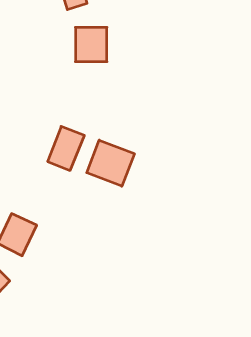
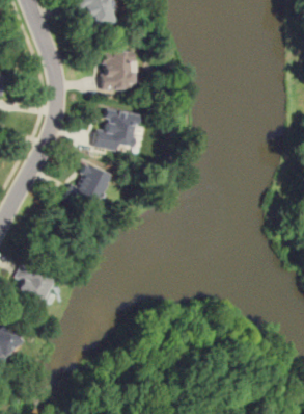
building: none -> [94,109,139,152]
building: [87,140,134,186] -> none

